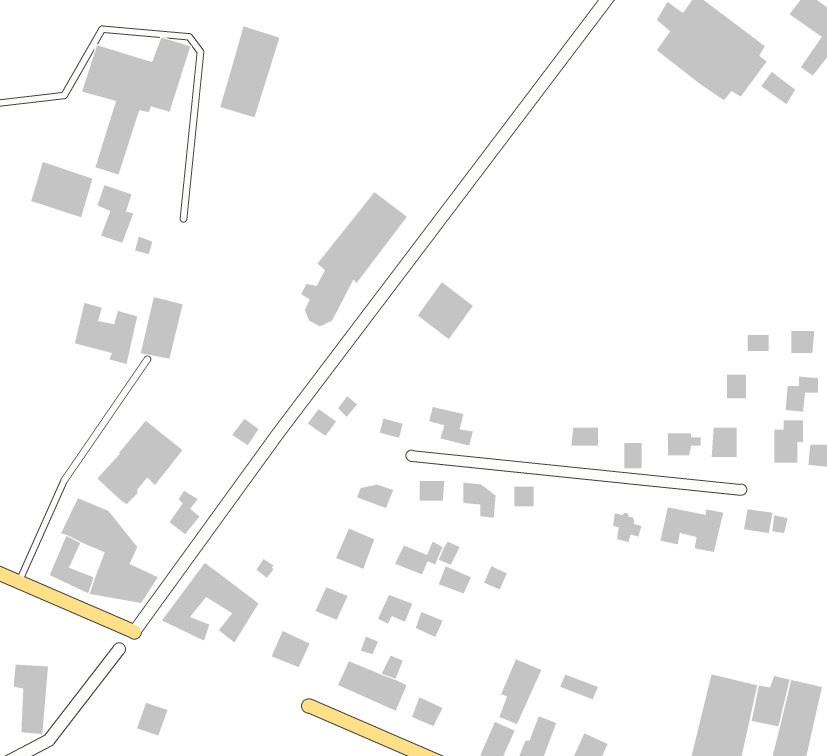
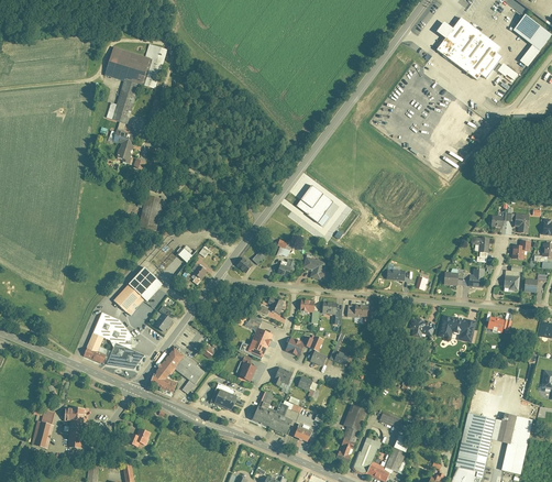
building: [219,25,280,118] -> none
building: [31,161,93,218] -> none
building: [300,191,408,327] -> none
building: [74,302,138,365] -> none

